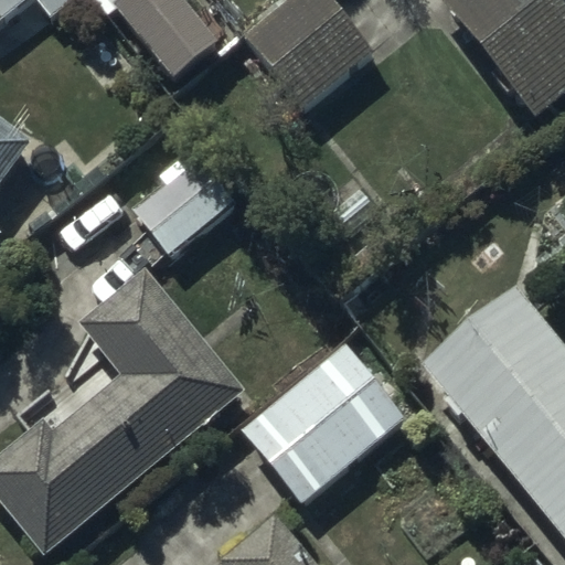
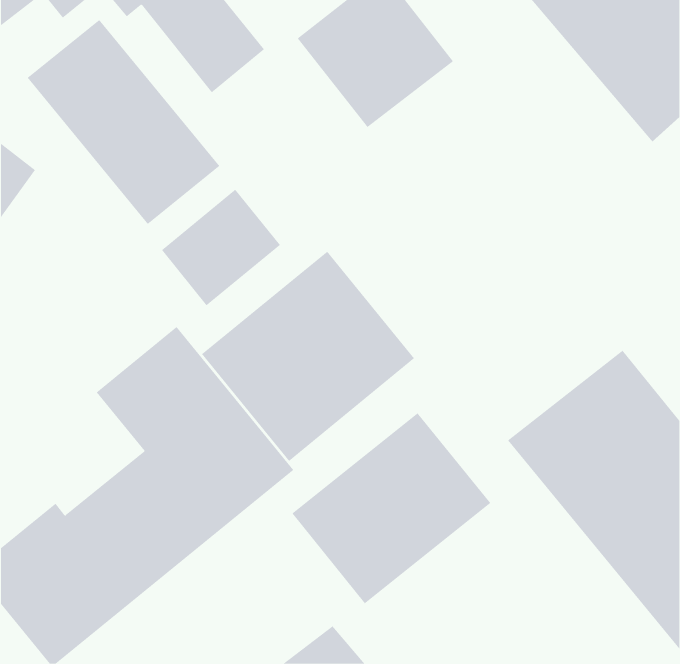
building: none -> [27,19,220,225]
building: none -> [201,251,415,462]

